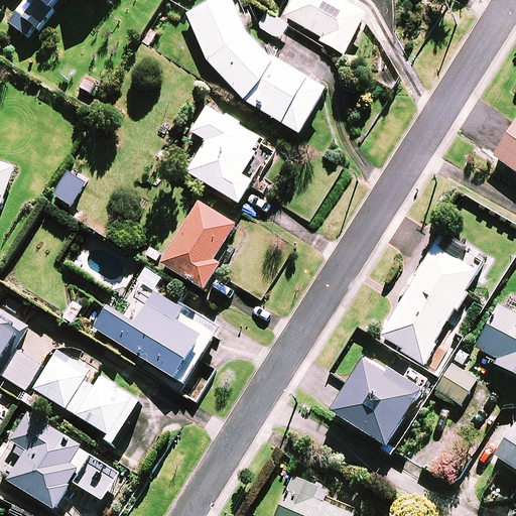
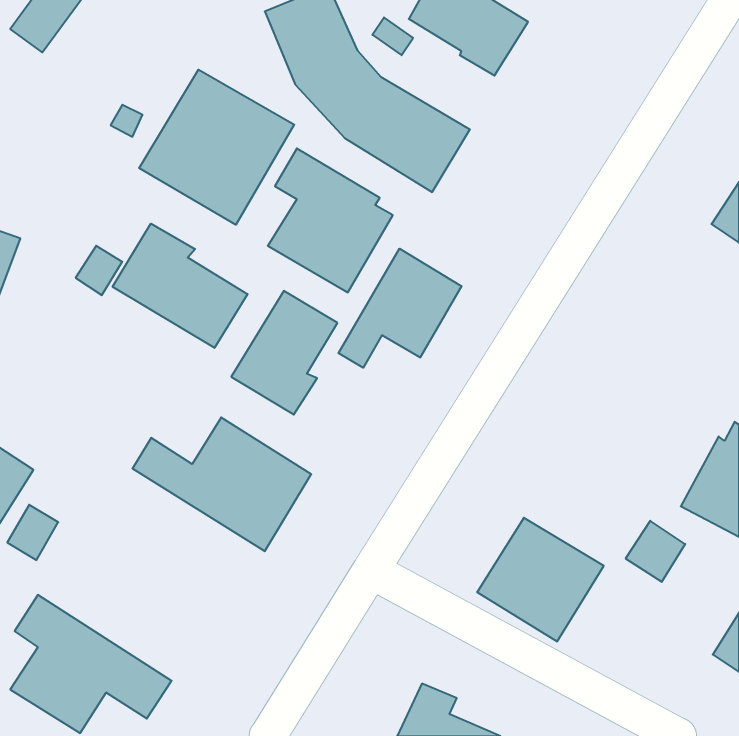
building: none -> [139,70,294,225]
building: none -> [113,224,248,348]
building: none -> [338,249,462,368]
building: [379,232,483,361] -> none
building: [33,349,140,438] -> none

